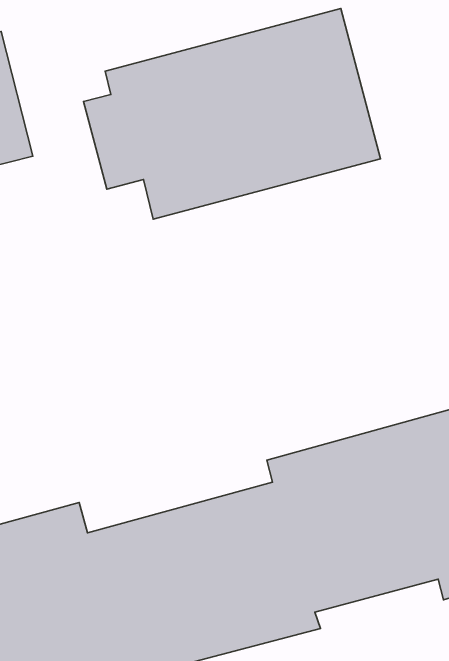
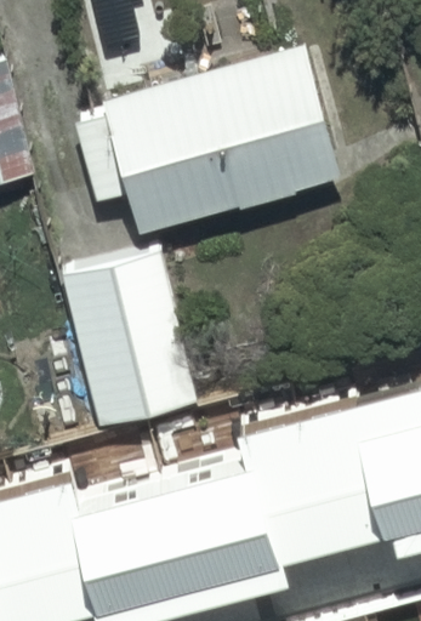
building: none -> [59,245,194,426]

